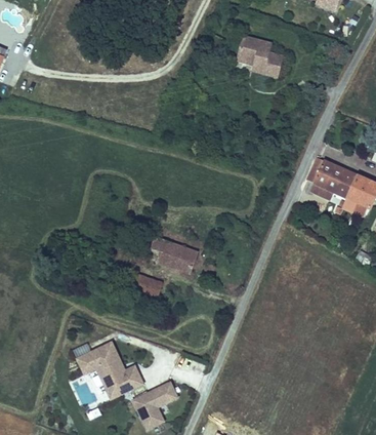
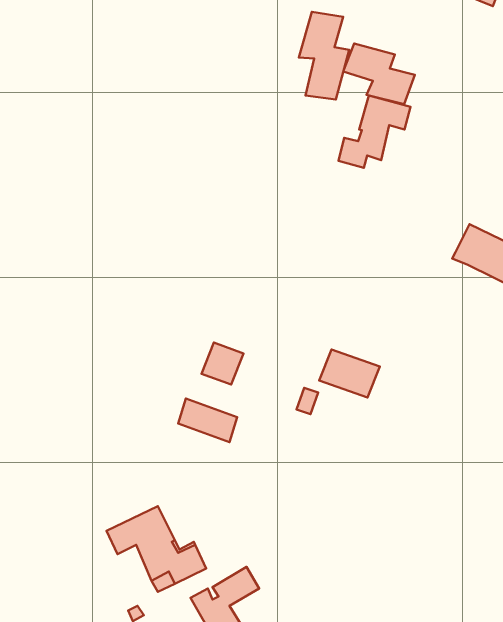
building: none -> [299,12,349,100]
building: none -> [338,95,410,168]
building: [161,241,201,273] -> [319,349,380,398]

